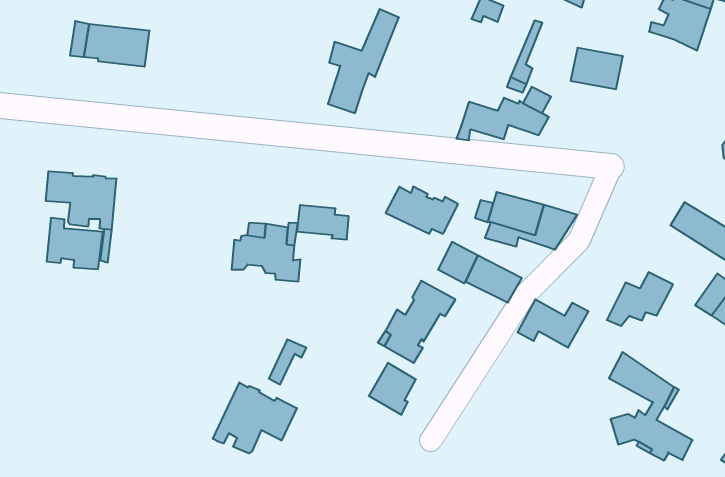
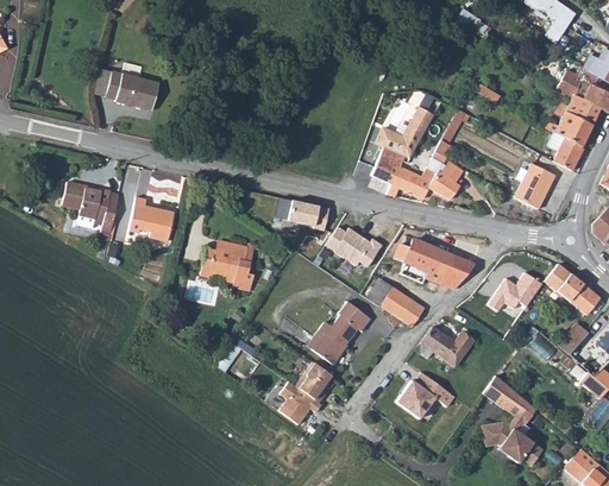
building: [328,9,399,113] -> [371,106,434,184]
building: none -> [547,132,583,170]
building: none -> [515,163,554,208]
building: [297,205,349,239] -> [287,200,328,231]
building: [47,218,103,269] -> [128,196,175,240]
building: [607,272,673,326] -> [488,271,542,310]
building: none -> [396,378,454,418]
building: [213,382,297,453] -> none
building: none -> [278,381,321,424]

